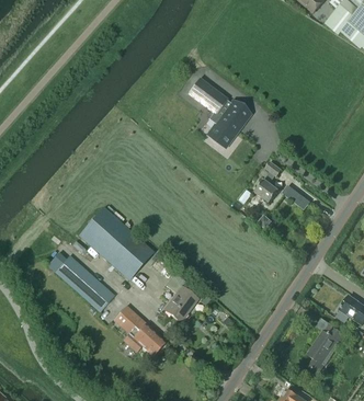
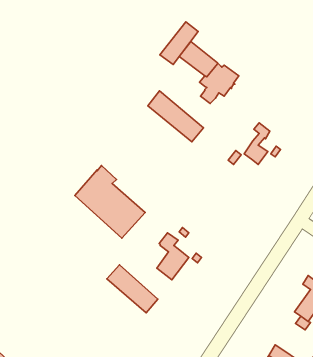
building: none -> [160,22,198,65]
building: none -> [148,91,204,142]
building: [47,252,114,311] -> none

